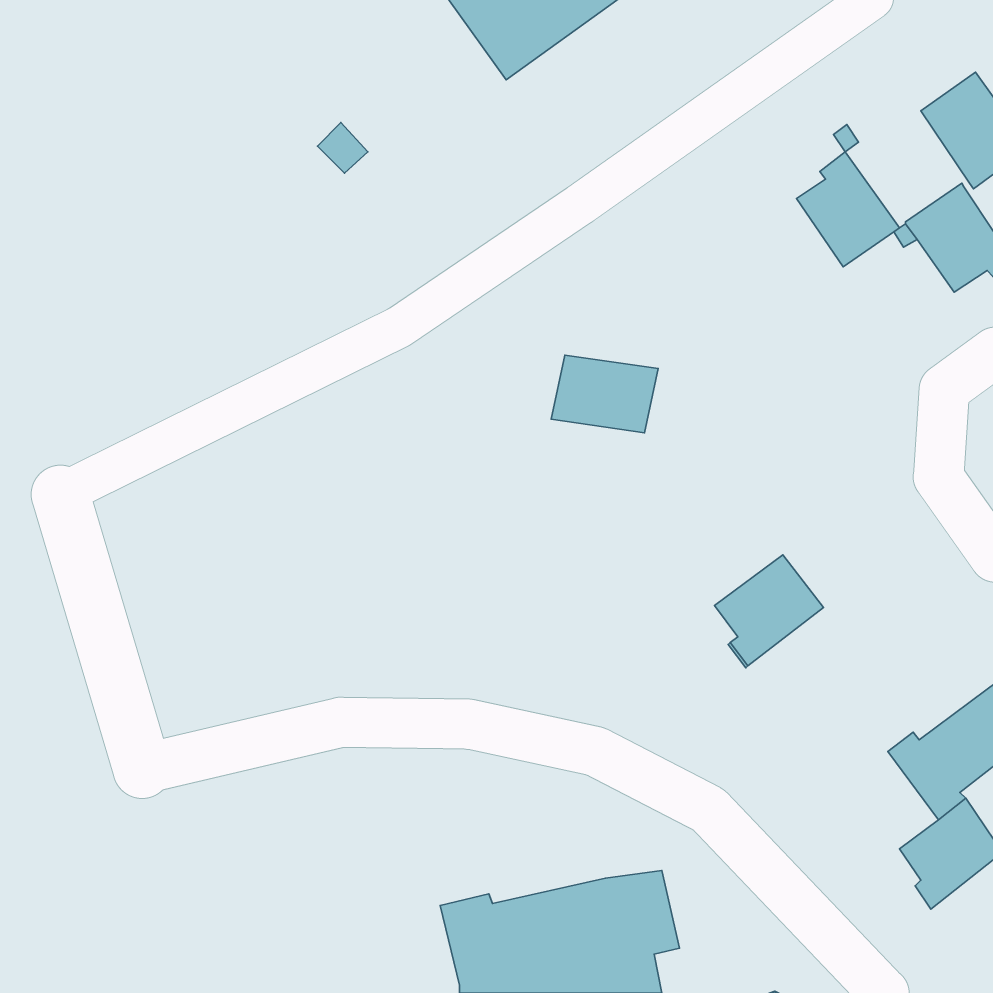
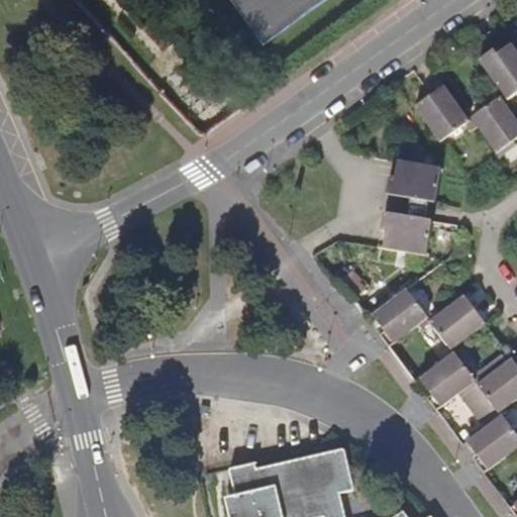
building: none -> [387,159,441,202]
building: [551,355,658,433] -> [378,213,433,253]
building: none -> [429,290,487,349]
building: none -> [419,352,475,409]

